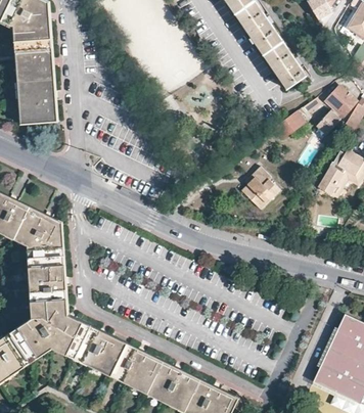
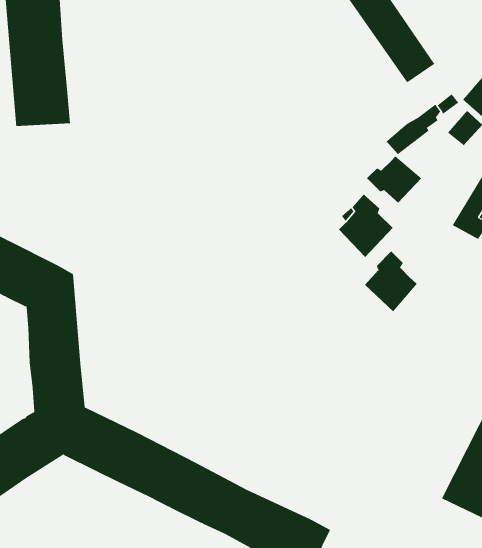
building: none -> [366,155,422,203]
building: none -> [364,251,417,312]

